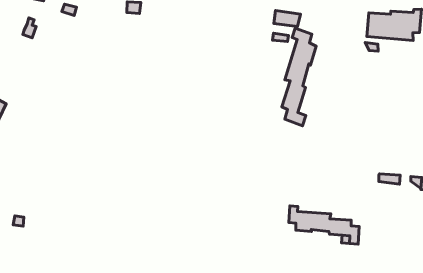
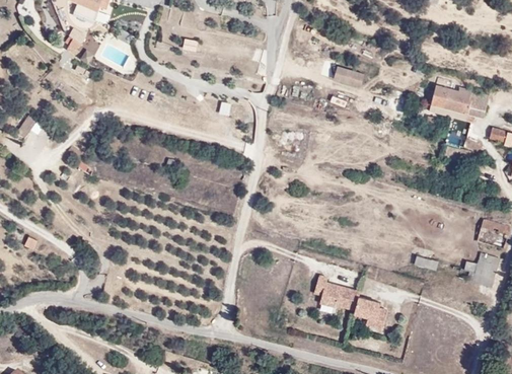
building: [282,28,316,126] -> none

